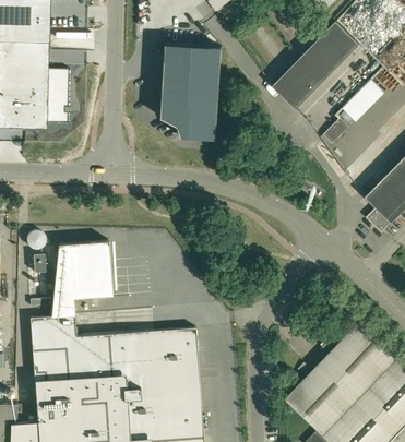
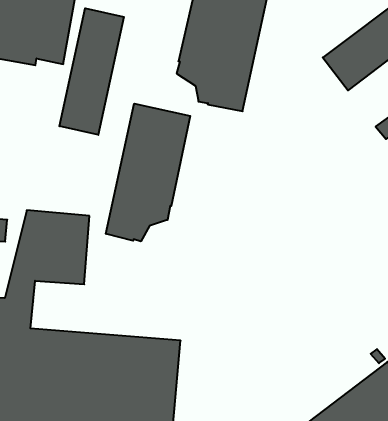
building: none -> [59,8,124,135]
building: none -> [106,104,190,241]

